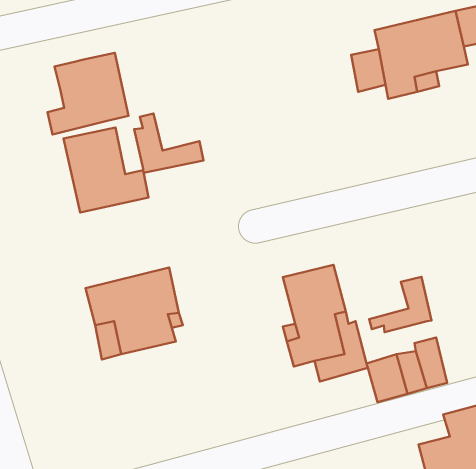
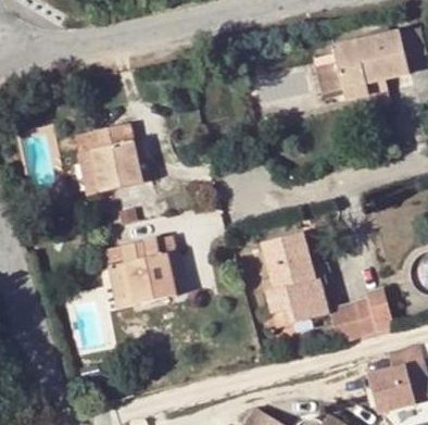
building: [47,53,129,135] -> none
building: [134,114,204,173] -> none
building: [369,277,432,332] -> none

